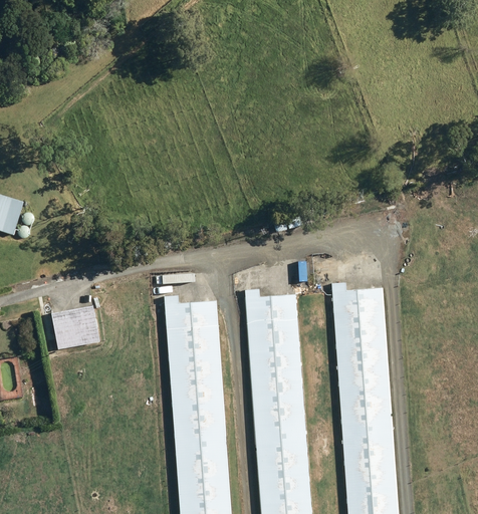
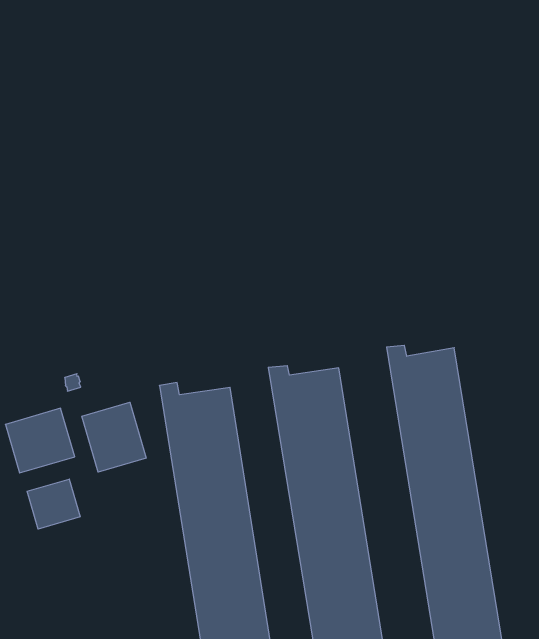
building: none -> [82,402,146,472]
building: none -> [27,479,80,529]

